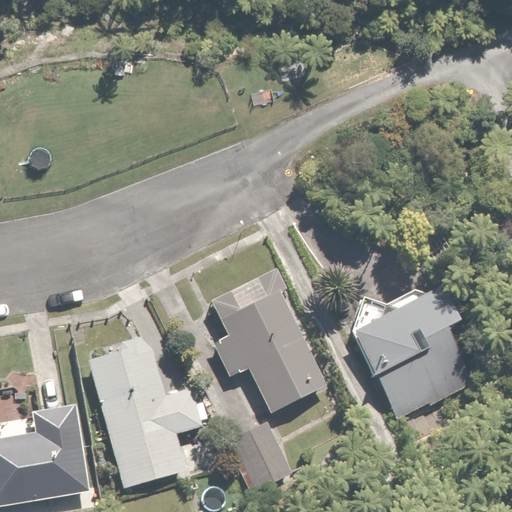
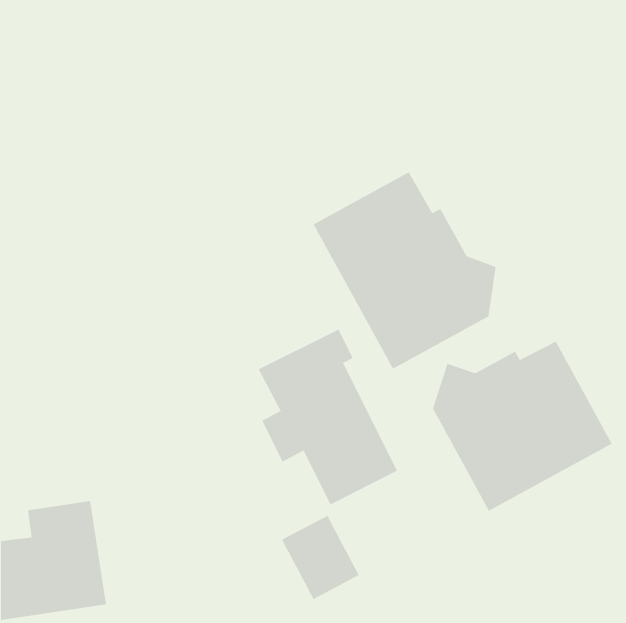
building: none -> [313,172,496,369]
building: [88,347,202,488] -> none

